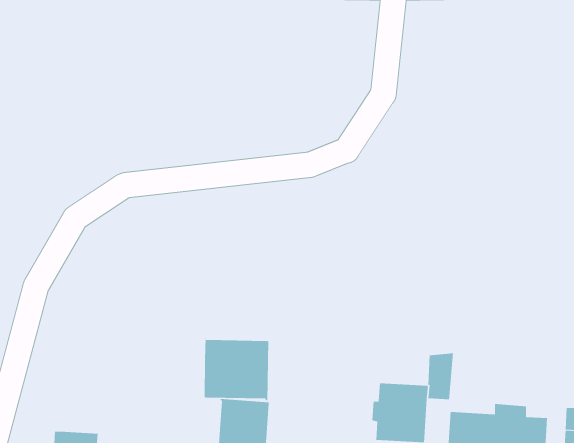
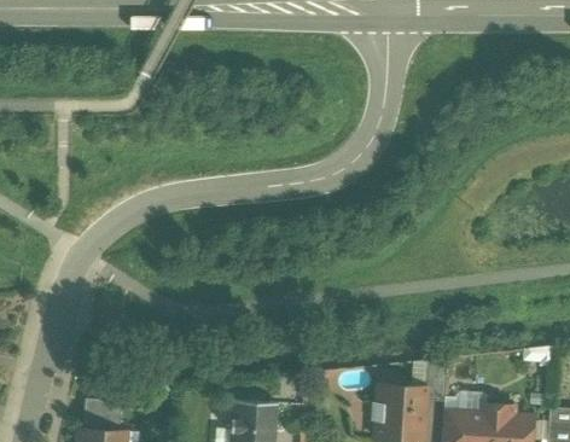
building: [204,337,269,401] -> none
building: none -> [83,399,122,432]

